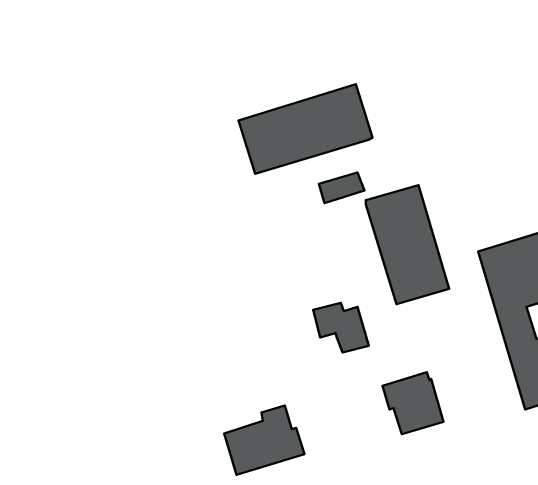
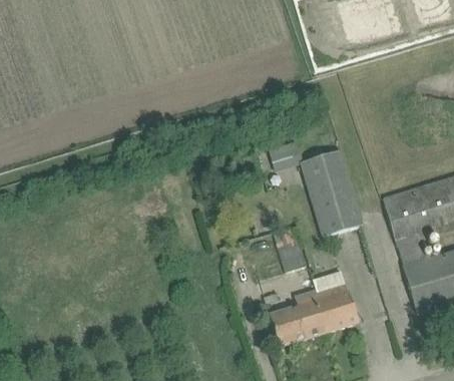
building: [238,84,373,174] -> none
building: [224,406,304,475] -> [271,295,329,345]

